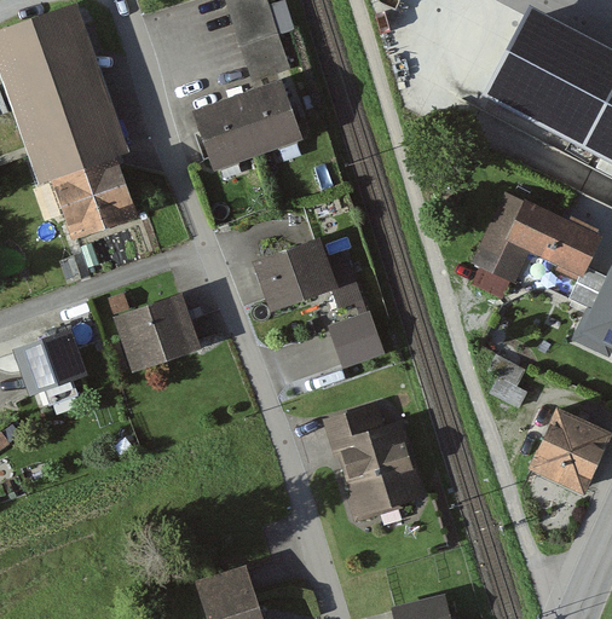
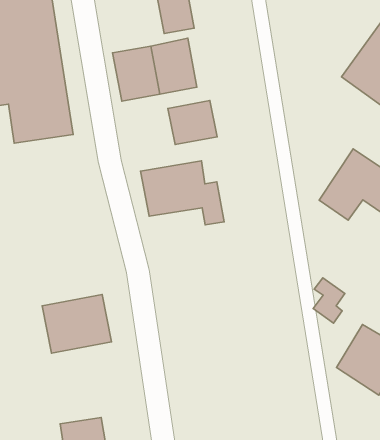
building: none -> [168,101,217,145]
building: [108,290,201,372] -> [42,295,112,353]
building: [328,313,381,366] -> none
building: [322,404,427,519] -> none

